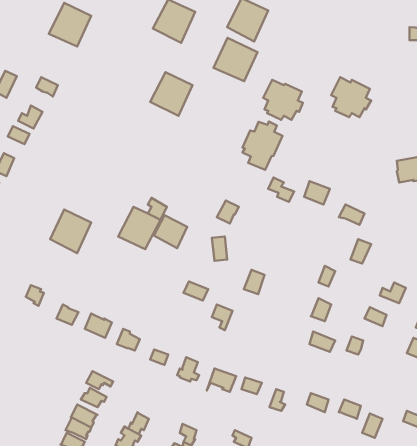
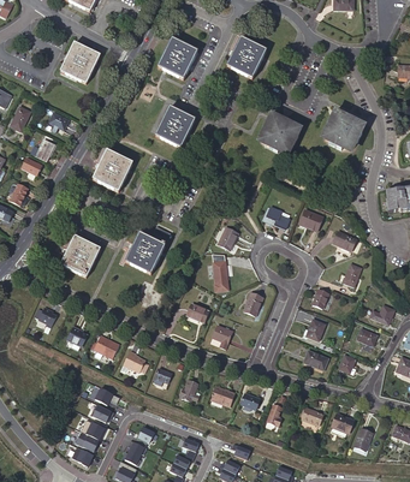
building: [213,38,258,81] -> none
building: none -> [93,151,132,192]
building: [242,122,282,170] -> none
building: [154,215,187,248] -> none

